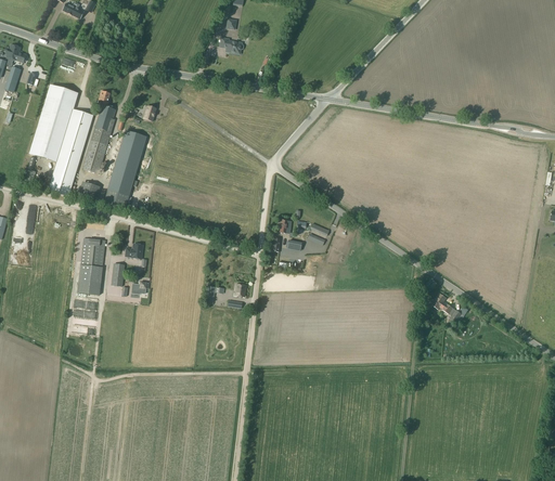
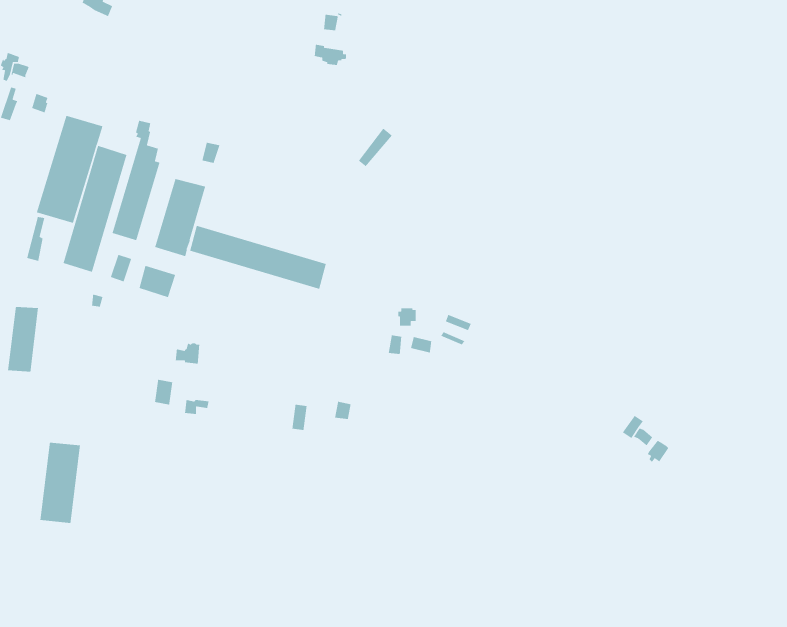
building: none -> [189,225,327,290]
building: [77,237,105,294] -> [40,442,81,524]

